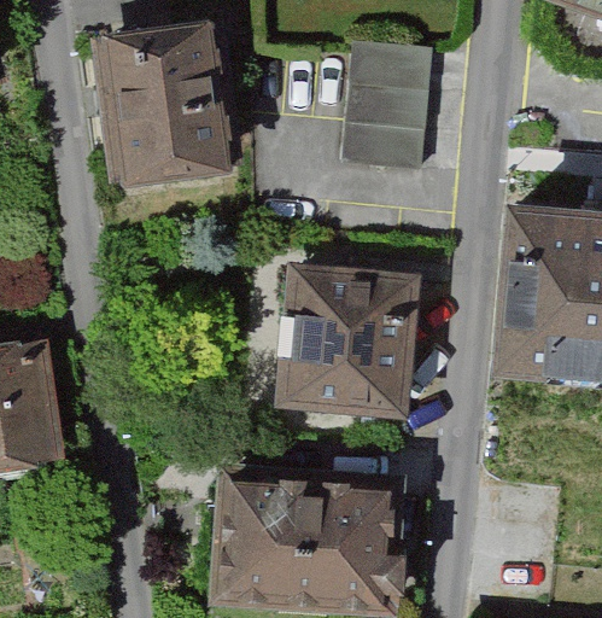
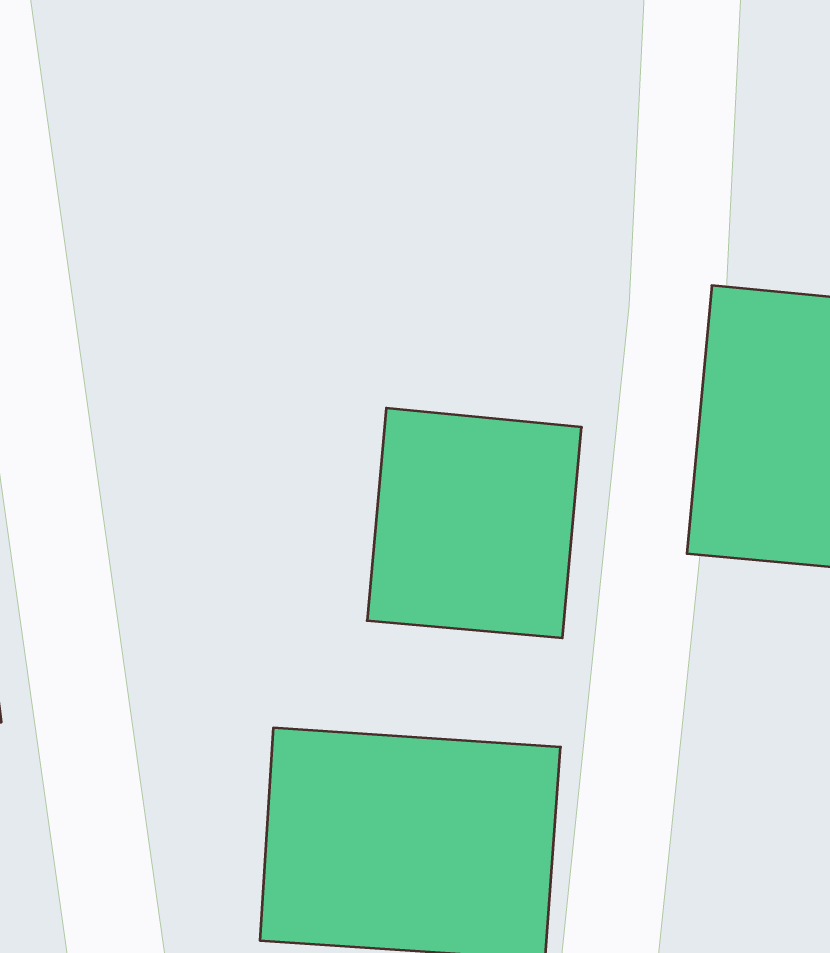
building: [95,24,238,180] -> none
building: [339,47,432,176] -> none

